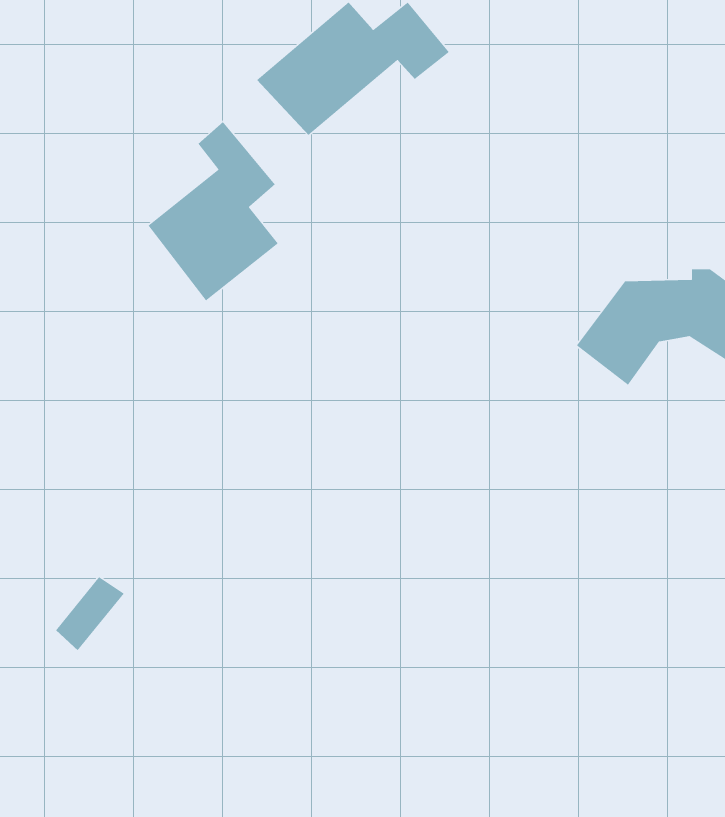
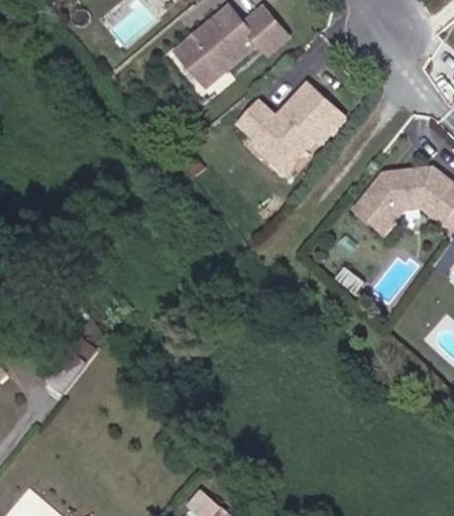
building: [147,121,279,302] -> none
building: none -> [238,82,342,163]

